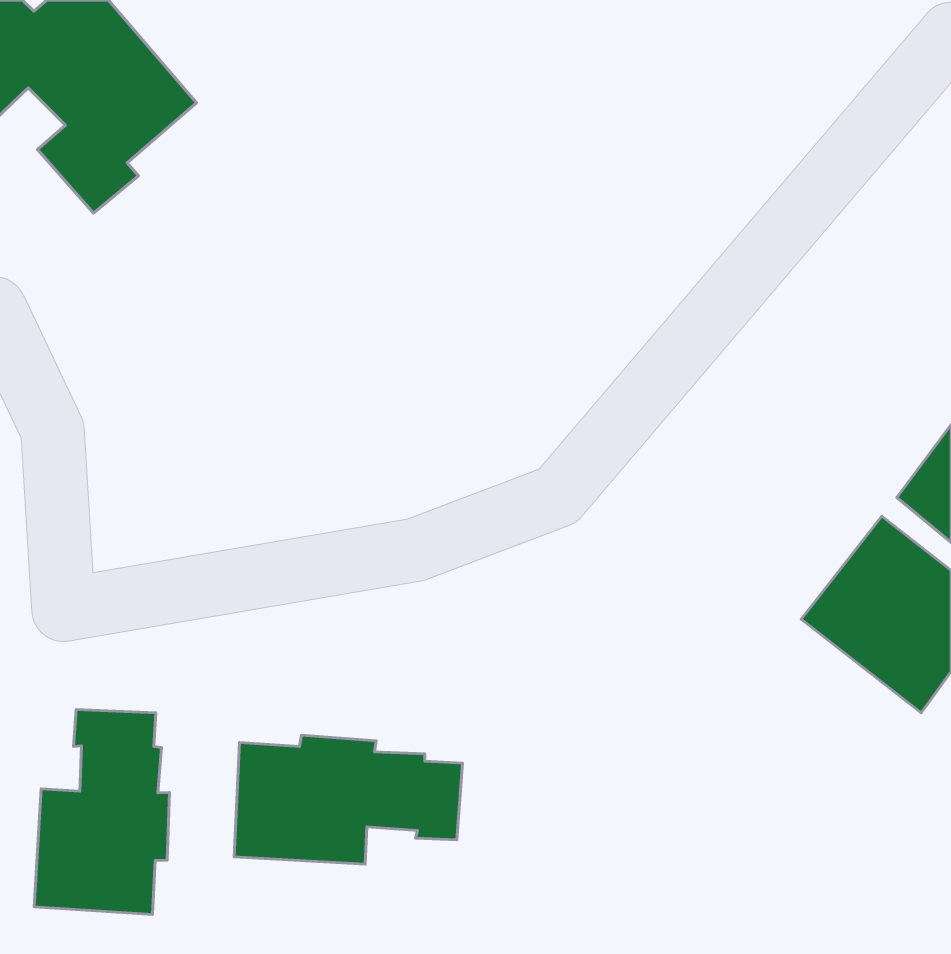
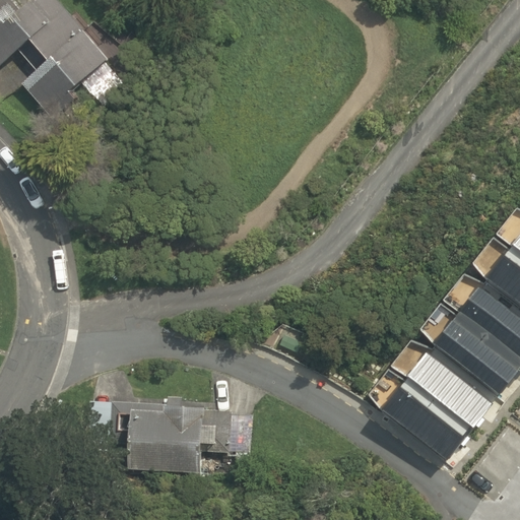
building: none -> [382,345,492,454]
building: [34,710,170,914] -> none

